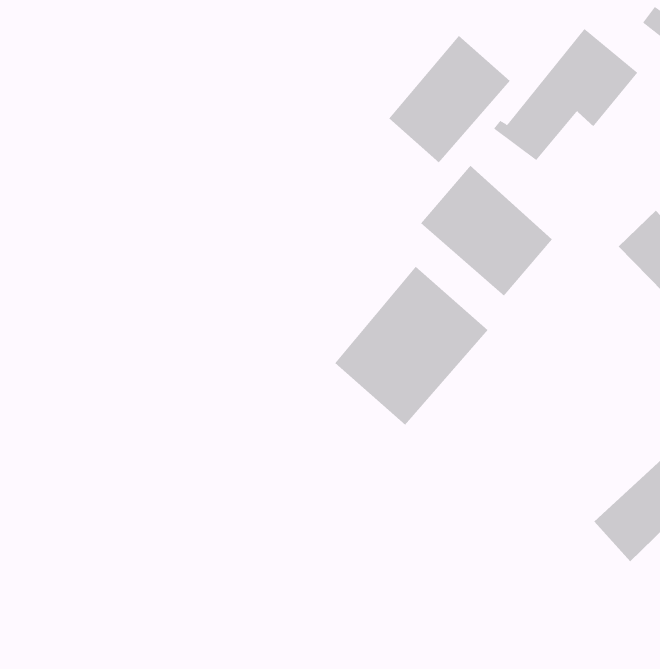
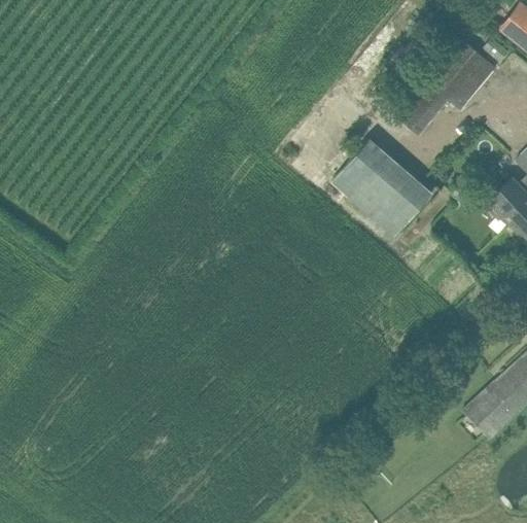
building: [389,35,510,163] -> none
building: [334,266,488,426] -> none

